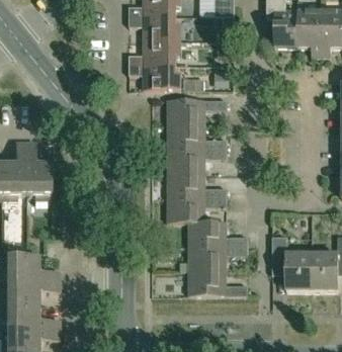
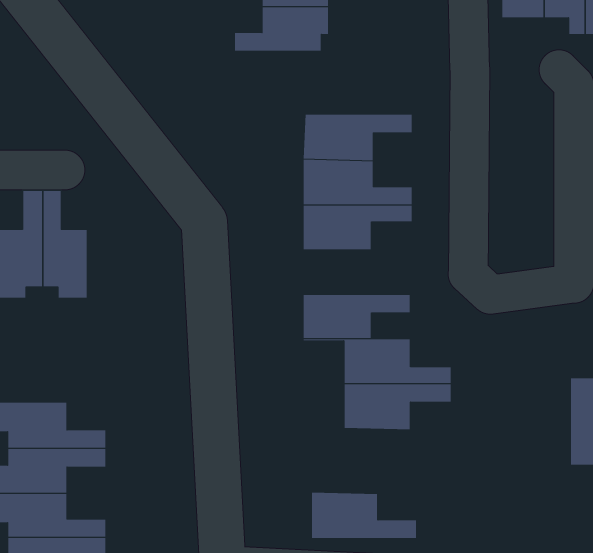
building: [130,65,181,89] -> none
building: [167,173,227,197] -> none
building: [272,236,313,290] -> none
building: [189,270,247,295] -> [311,492,417,538]

